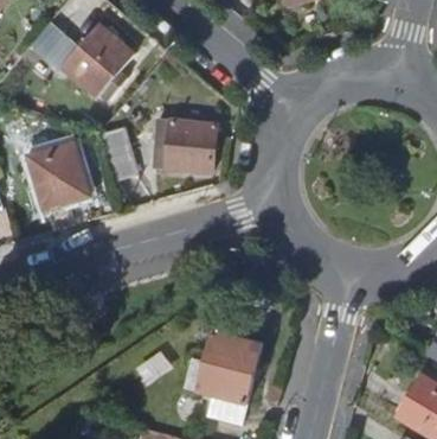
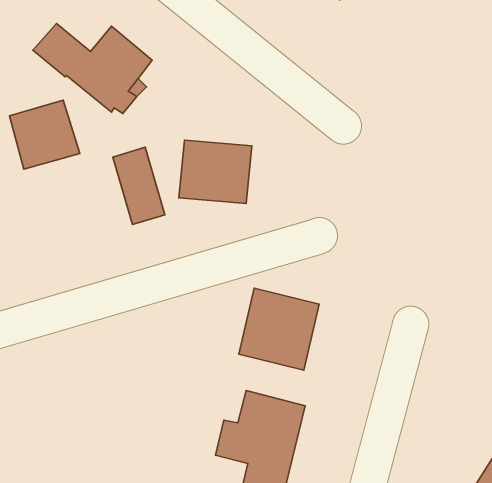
building: [30,151,89,209] -> [10,100,80,169]
building: none -> [239,288,319,370]

